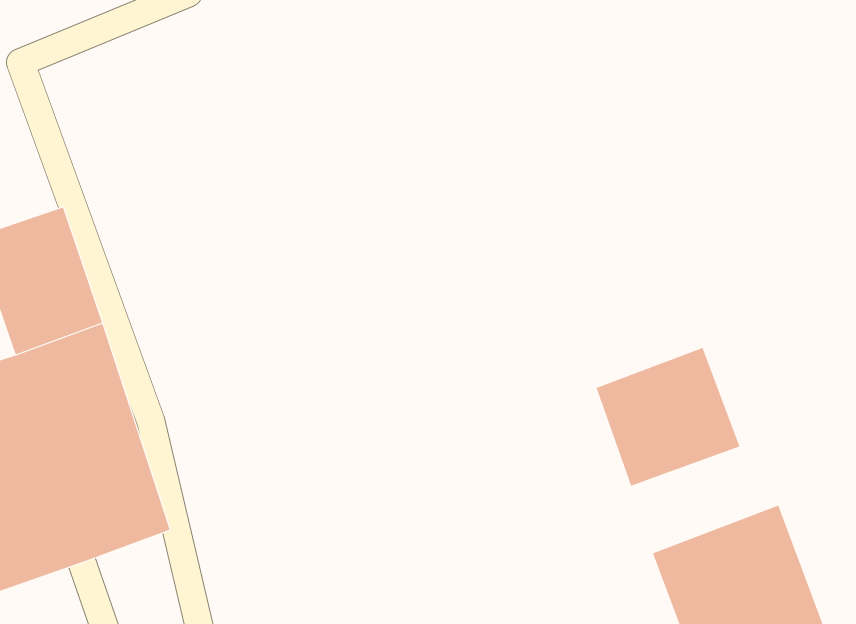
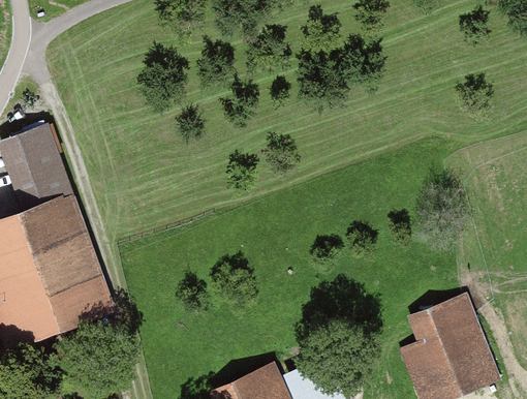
building: [596,347,740,487] -> none

